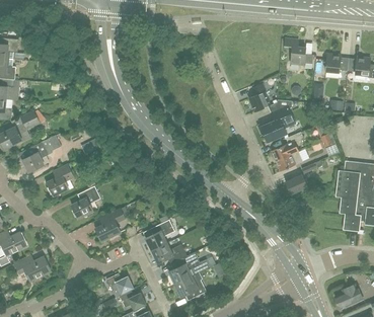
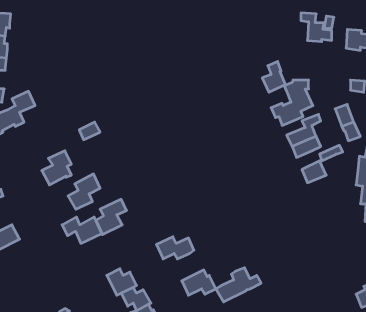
building: [21,136,60,173] -> none
building: [145,220,174,251] -> none
building: [167,253,209,285] -> [216,268,261,302]
building: [13,257,50,282] -> [62,217,102,243]

